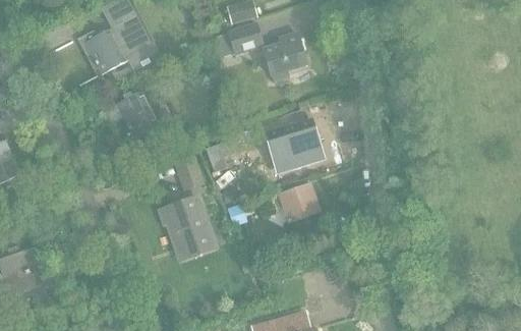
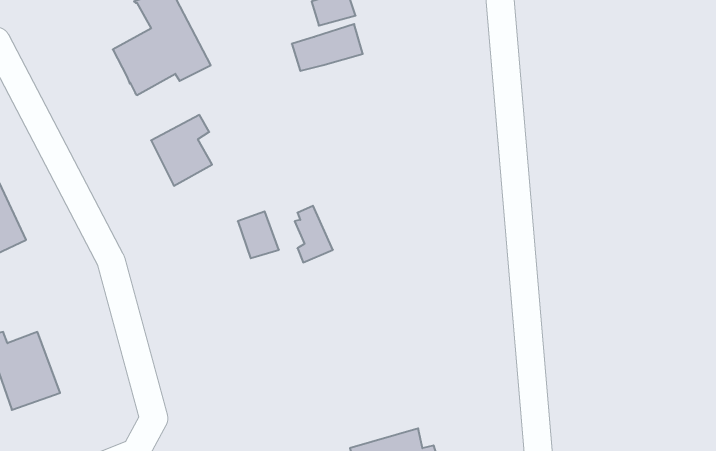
building: [263,31,306,74] -> none
building: [266,119,323,170] -> none
building: [277,182,321,222] -> none
building: [169,199,213,258] -> none

